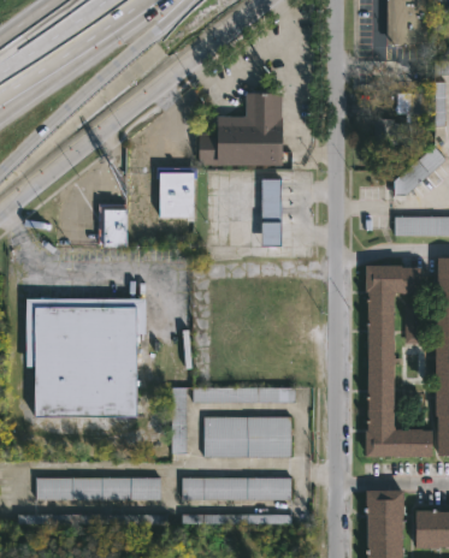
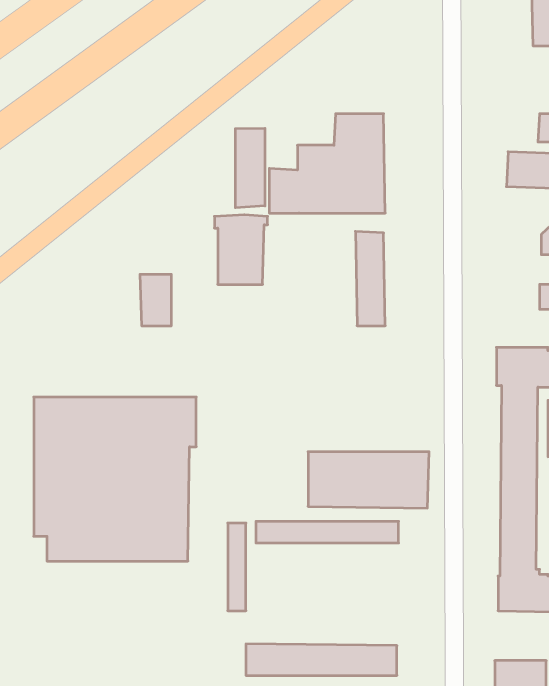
building: none -> [235,128,265,208]
building: [206,417,294,458] -> [308,452,429,508]
building: [37,477,161,500] -> none

